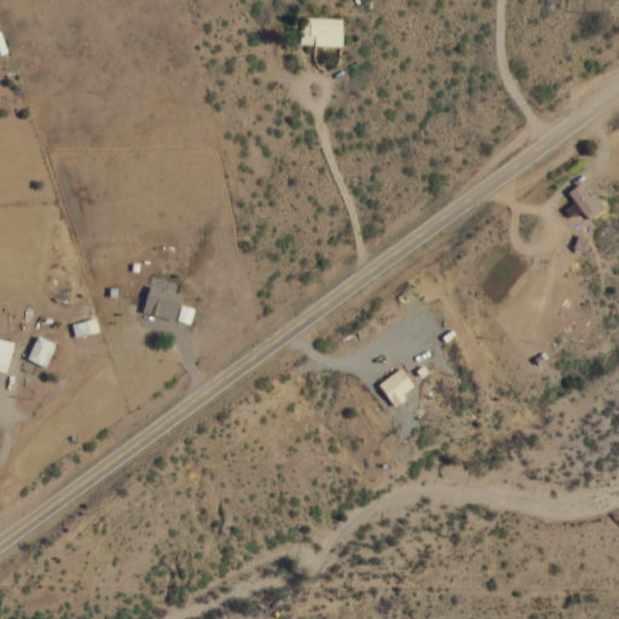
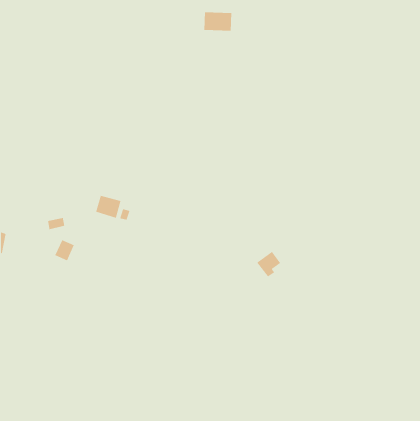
building: [568,183,607,221] -> none
building: [27,335,57,368] -> [54,239,75,261]

